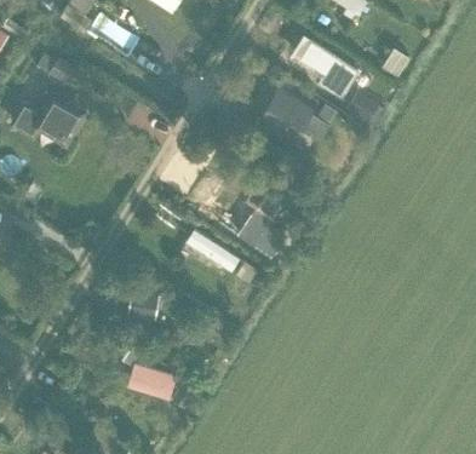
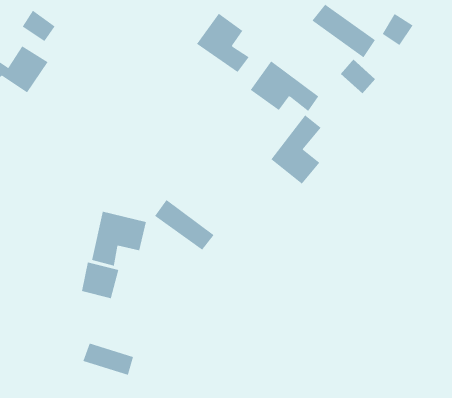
building: none -> [196,13,250,73]
building: [239,195,283,258] -> [271,115,321,184]
building: none -> [92,211,147,266]

